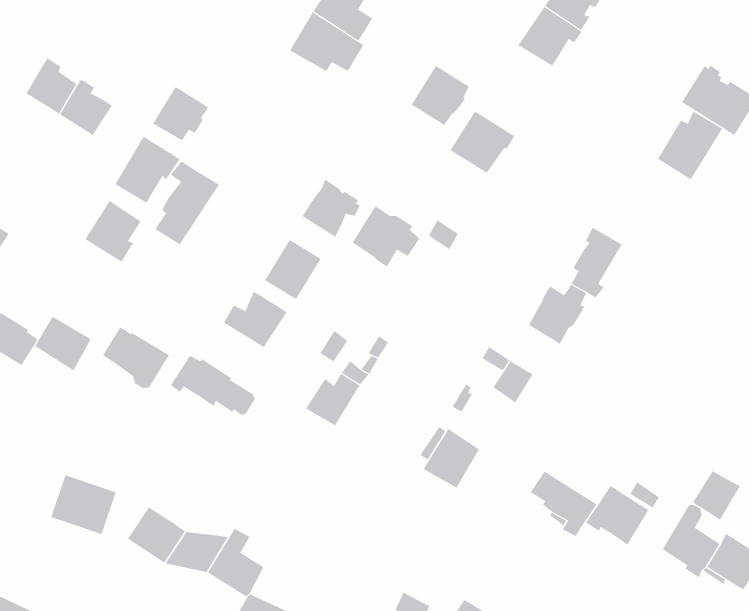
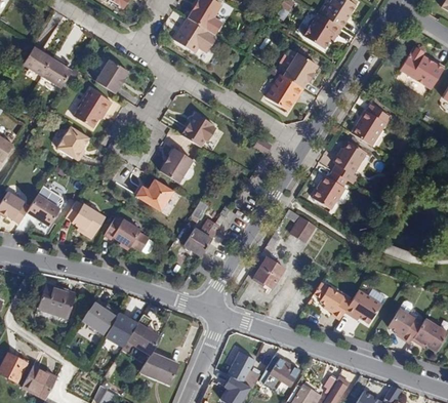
building: [411,65,469,126] -> [283,52,317,87]
building: [657,111,723,180] -> [352,105,390,145]
building: [154,161,220,245] -> none
building: [352,205,420,267] -> none
building: [692,470,741,520] -> none

